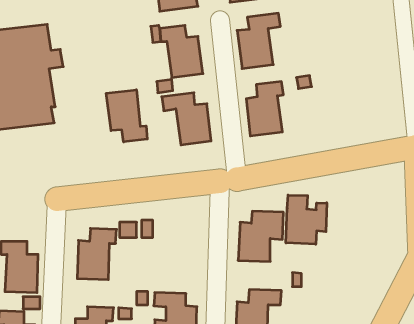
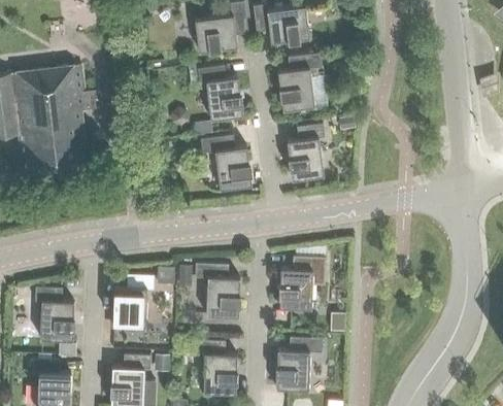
building: [106,90,147,142] -> none
building: [286,195,327,244] -> none
building: none -> [195,263,239,316]

